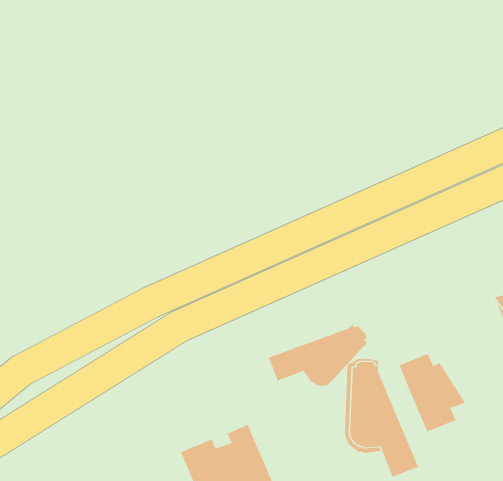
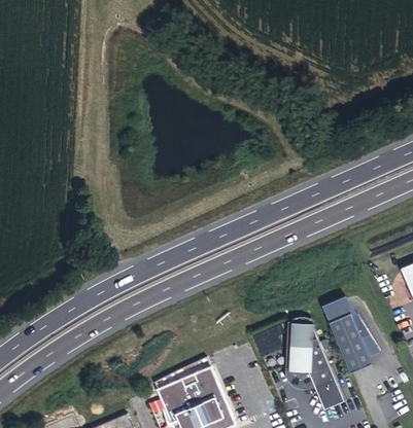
building: [268,324,368,387] -> none
building: none -> [321,295,360,321]

